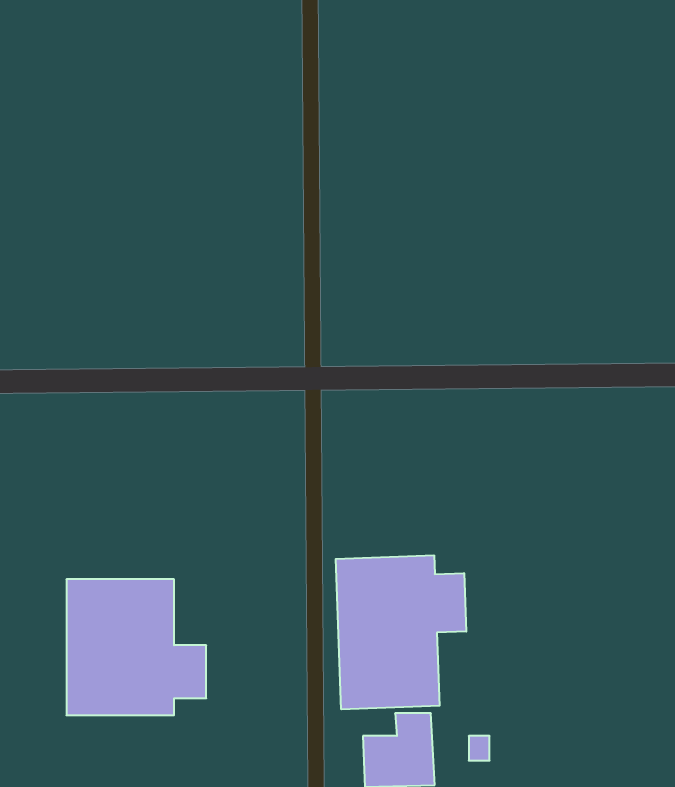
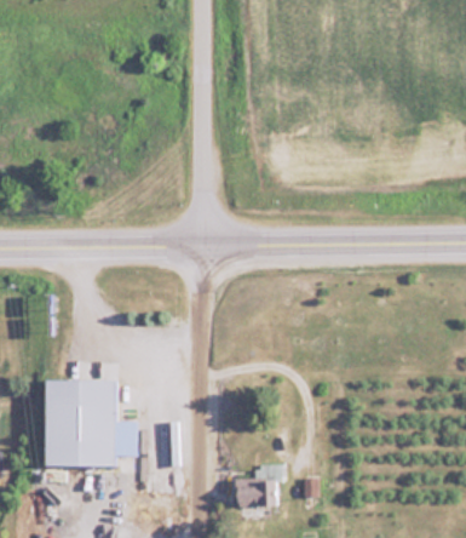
building: [336,555,466,709] -> none

